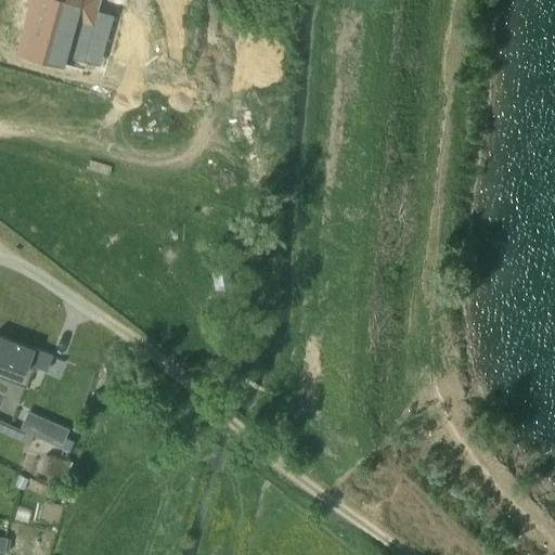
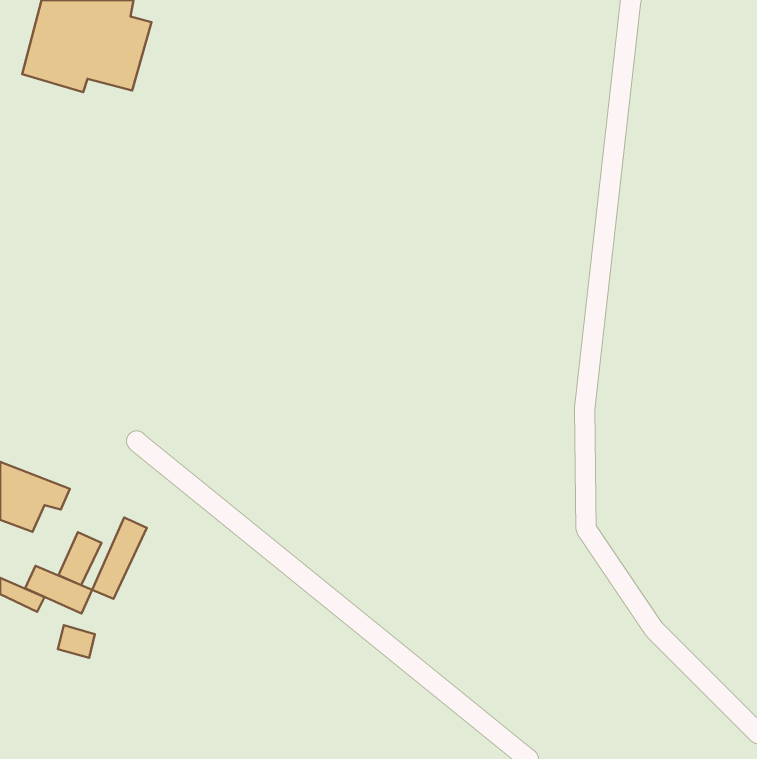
building: none -> [92,518,147,599]
building: none -> [59,532,102,585]

